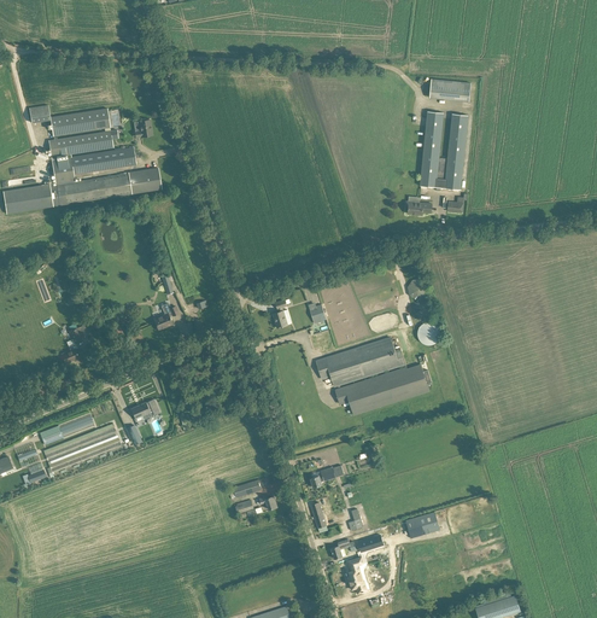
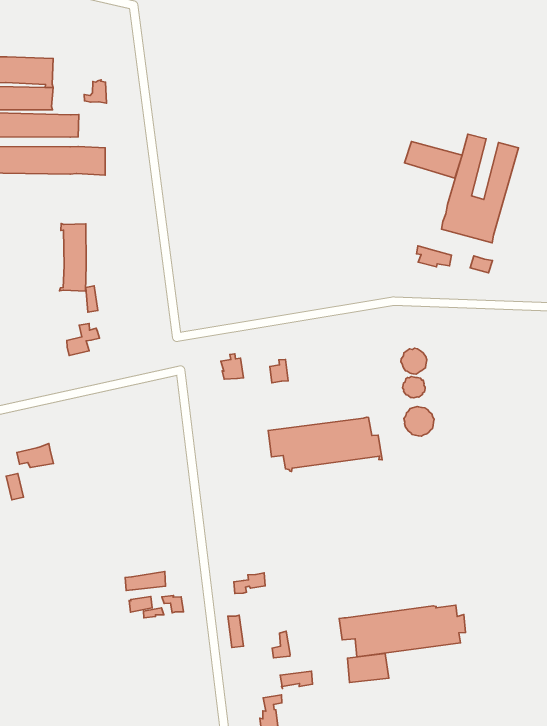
building: [429,80,472,101] -> [405,142,462,178]
building: none -> [60,223,86,291]
building: [335,363,432,415] -> [339,605,465,657]

